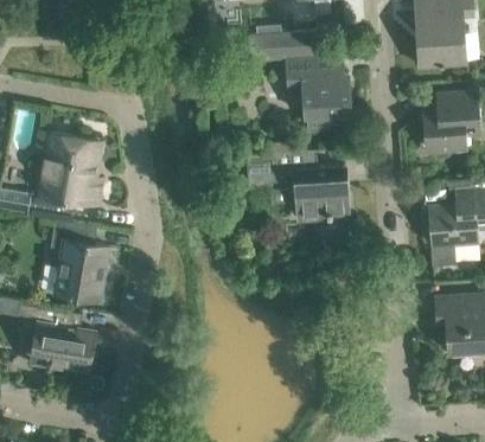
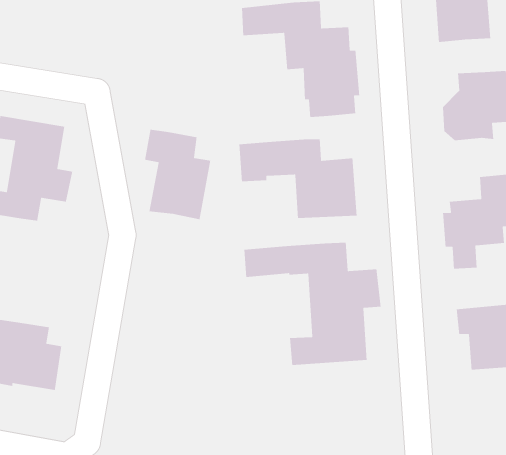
building: [51,220,109,300] -> [144,129,211,220]
building: none -> [243,242,382,366]

